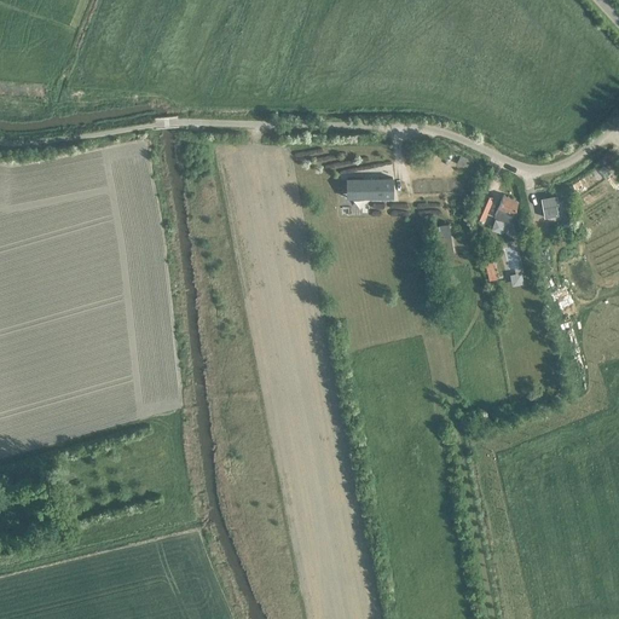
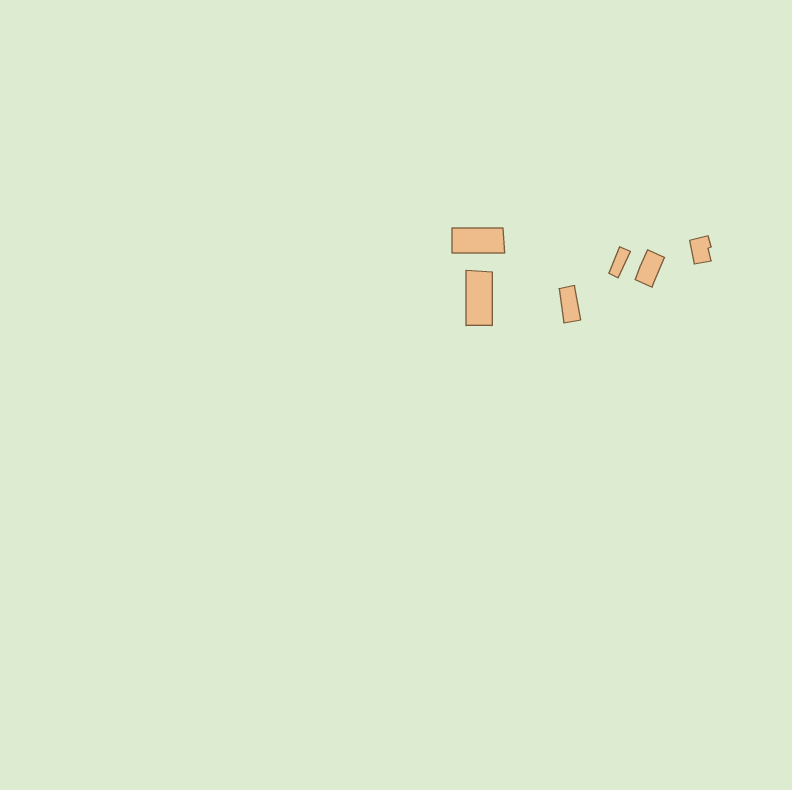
building: none -> [466,270,492,326]

